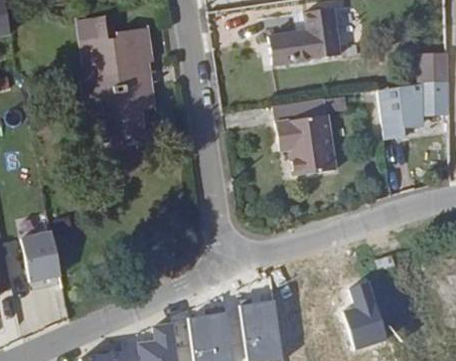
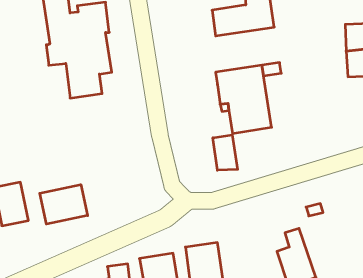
building: [378,82,424,138] -> none
building: none -> [213,135,238,170]
building: none -> [40,185,88,224]

